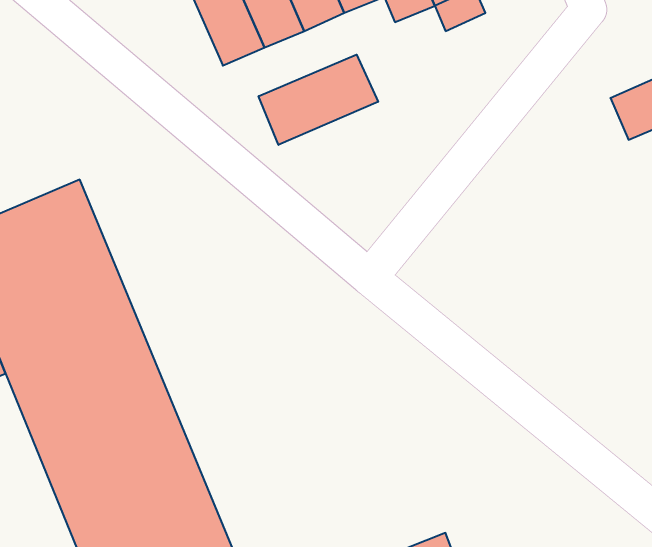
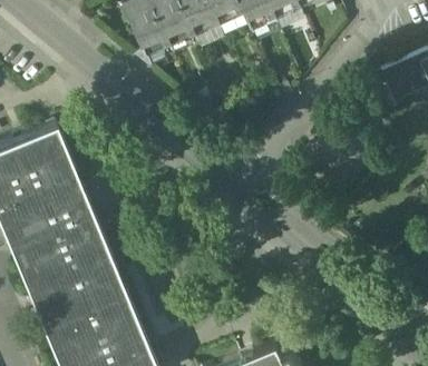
building: [259,55,378,145] -> none

